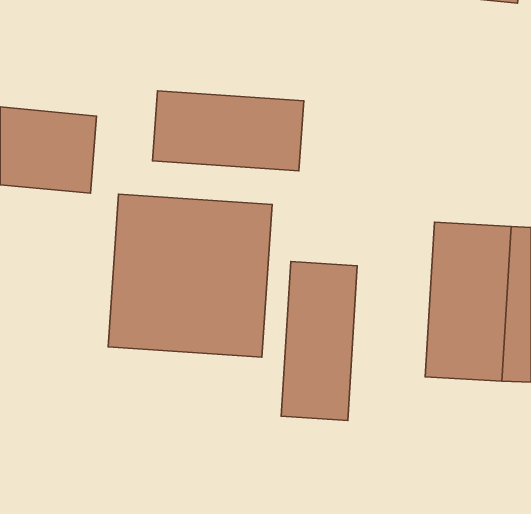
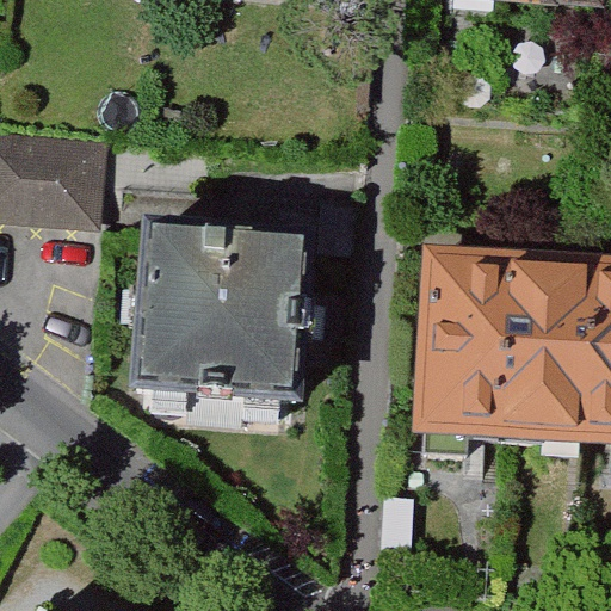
building: [152,91,304,171] -> none
building: [281,262,357,420] -> [412,251,499,433]

